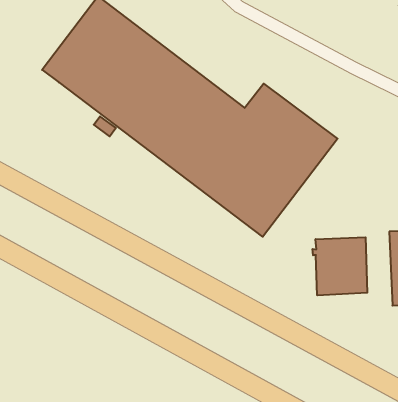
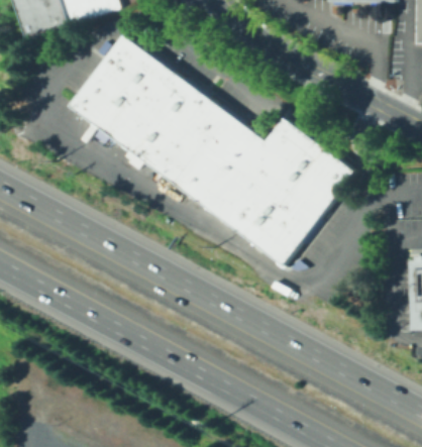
building: [313,237,367,295] -> none

